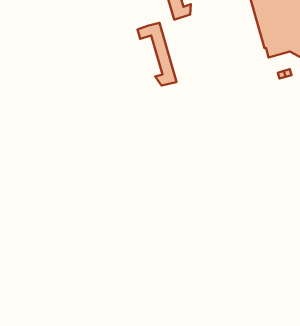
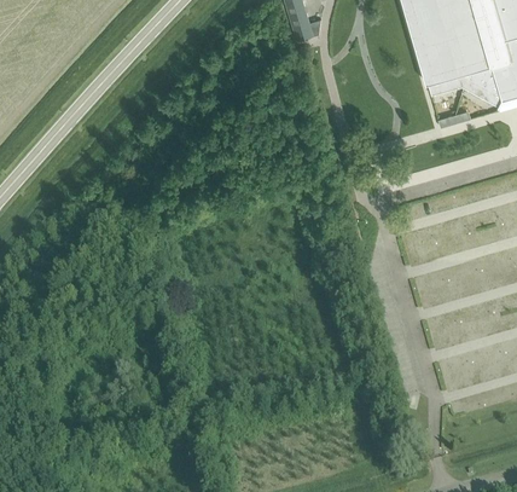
building: [138,23,177,86] -> none

